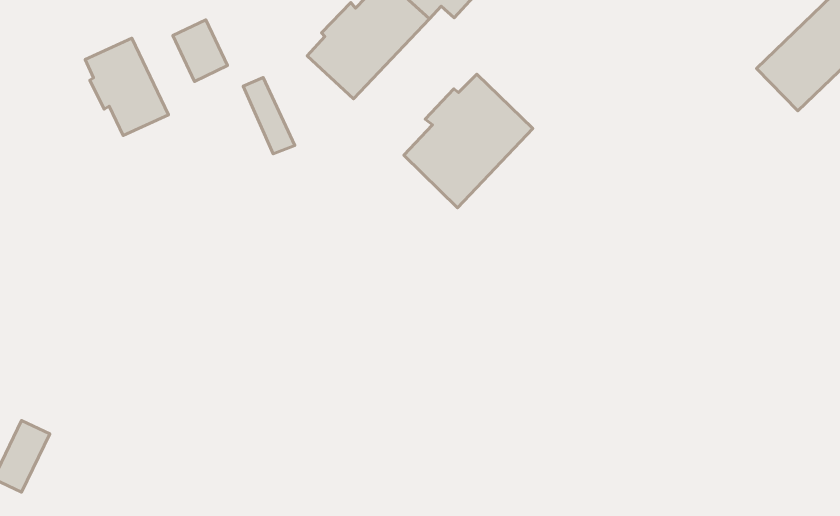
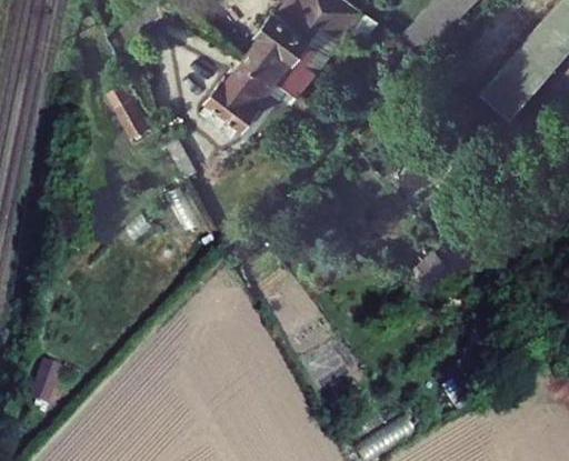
building: [85,38,168,135] -> none
building: [404,74,533,208] -> none

